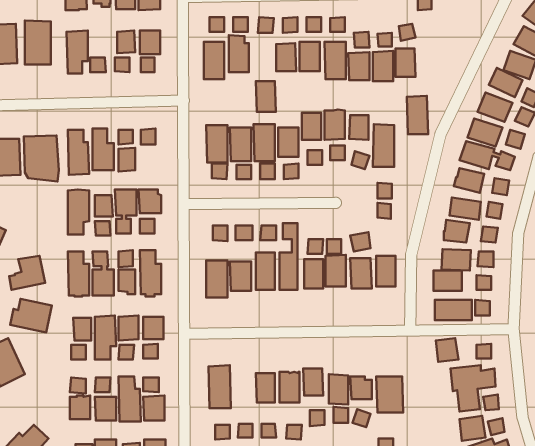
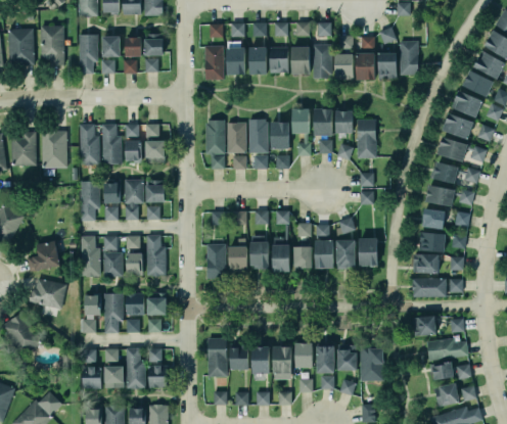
building: none -> [101,35,120,55]
building: [256,81,276,112] -> [247,45,266,73]
building: [407,96,428,134] -> [400,41,419,76]
building: none -> [145,141,166,163]
building: none -> [229,343,247,368]

